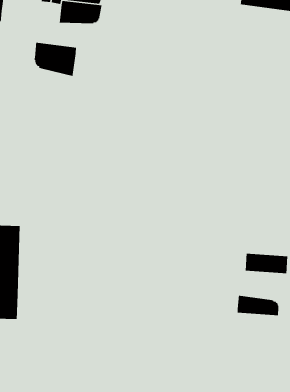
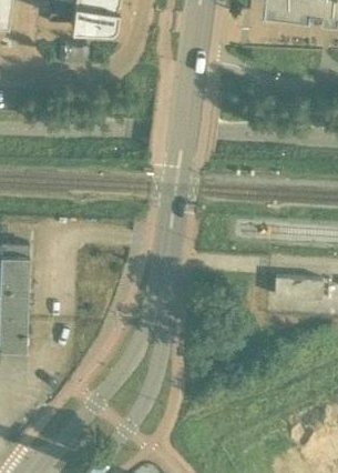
building: [34,42,77,77] -> none
building: [237,295,279,316] -> none

